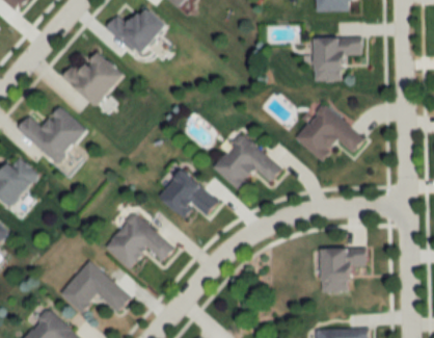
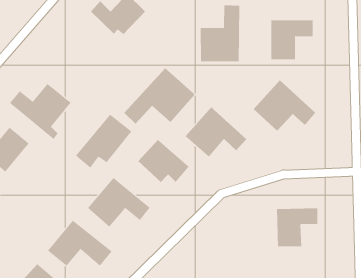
building: none -> [200,4,240,62]
building: [64,54,126,107] -> none
building: none -> [124,67,195,124]
building: none -> [75,114,132,168]

